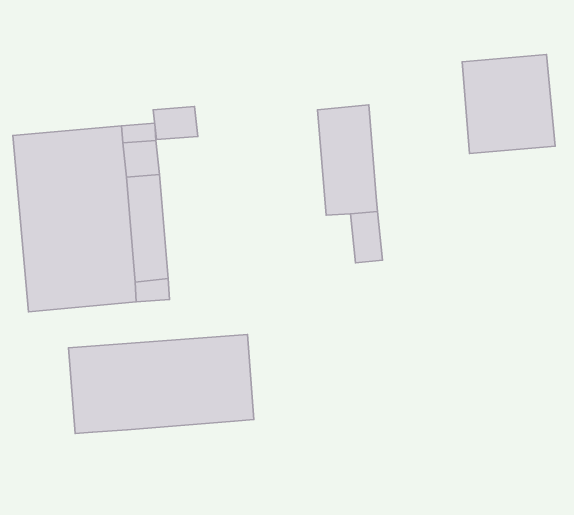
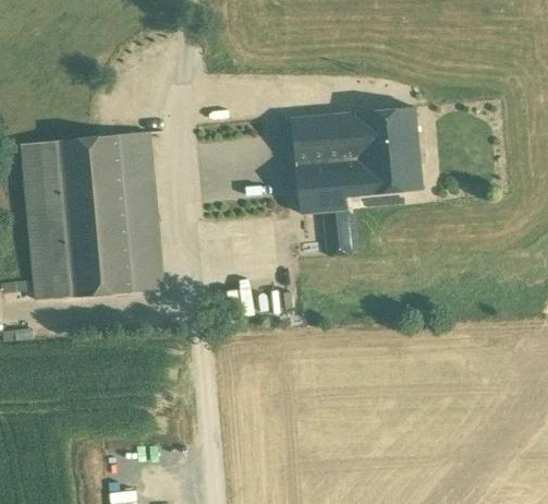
building: [462,54,555,154] -> [339,109,422,197]
building: [153,107,198,139] -> none
building: [69,334,254,434] -> none

